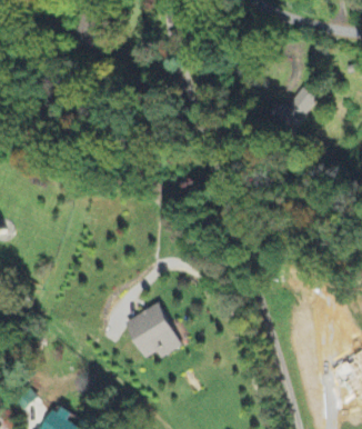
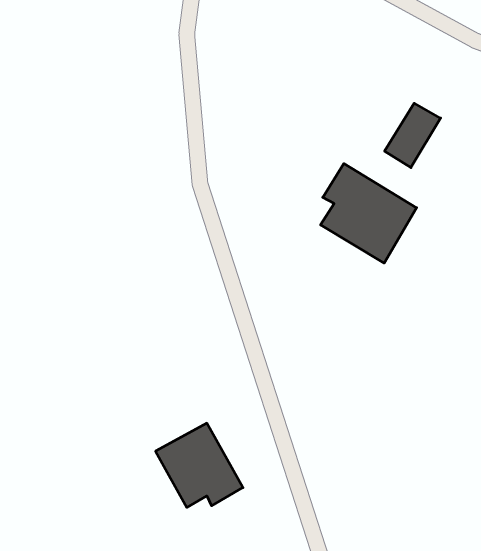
building: none -> [321,164,417,263]

